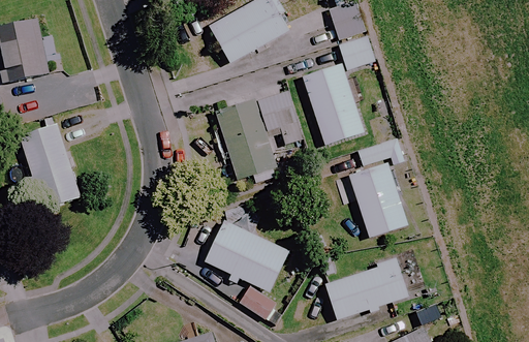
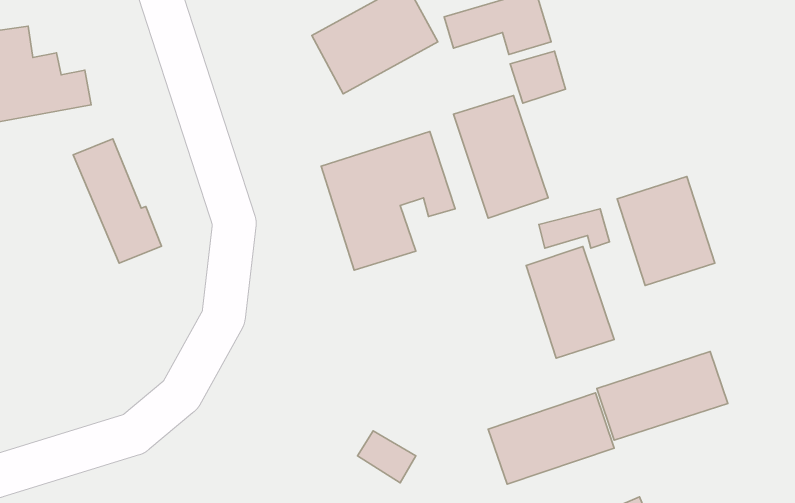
building: none -> [617,177,715,285]
building: [25,124,83,206] -> [73,139,162,263]
building: [204,217,290,291] -> none
building: none -> [597,352,728,440]

